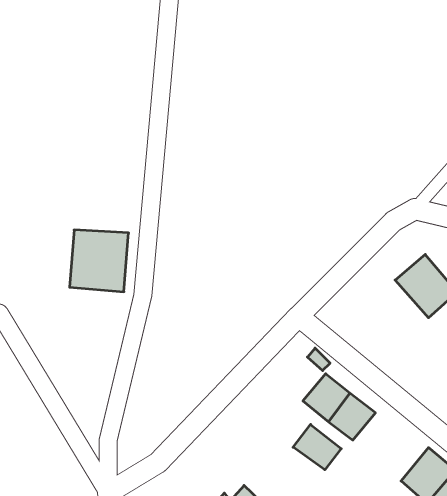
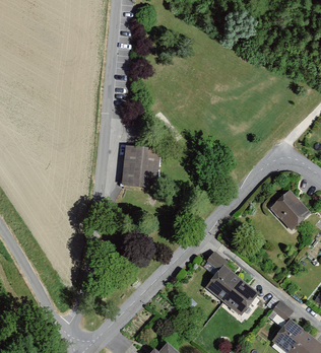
building: [70,230,129,292] -> [120,146,159,188]
building: [293,424,341,470] -> none

